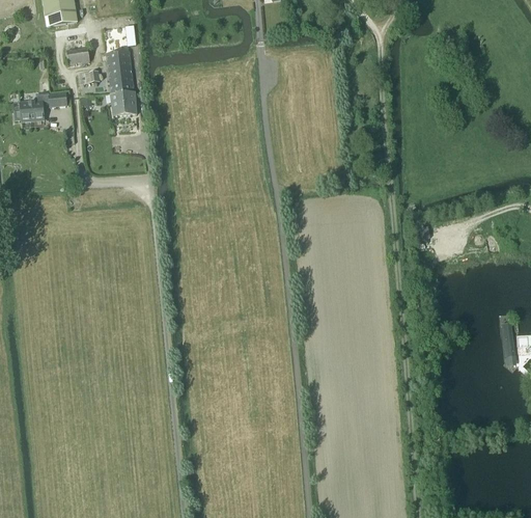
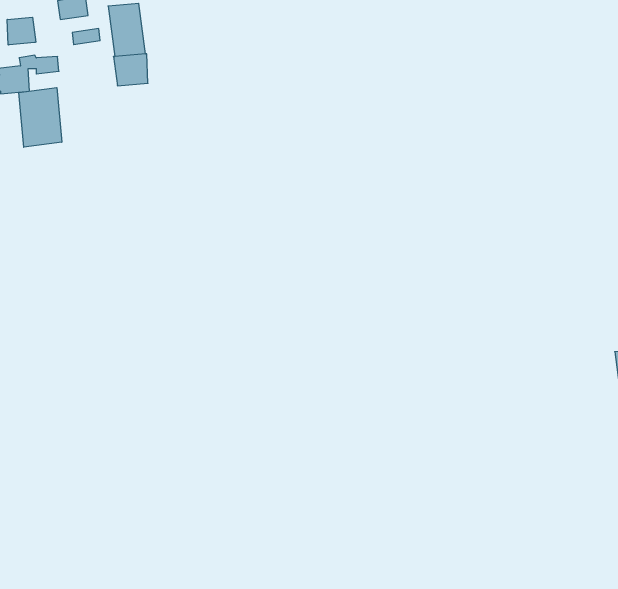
building: none -> [7,17,36,45]
building: none -> [19,88,62,147]

